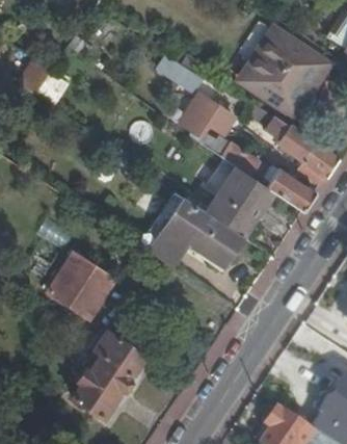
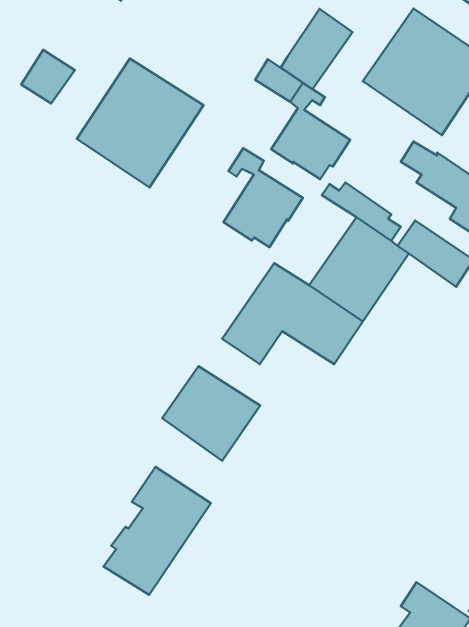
building: none -> [281,9,352,89]
building: none -> [77,58,203,188]
building: none -> [223,148,303,247]
building: [47,255,111,317] -> [162,366,260,461]

